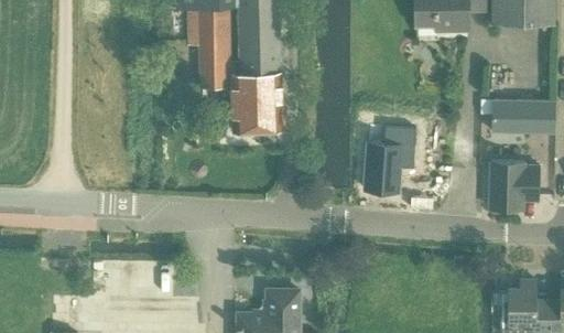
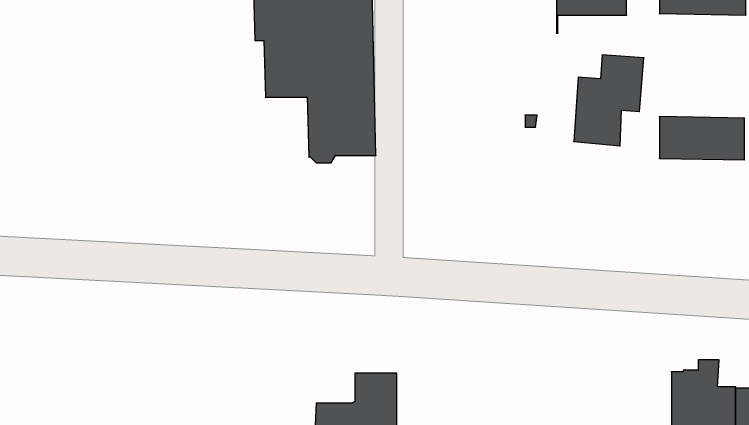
building: [364,126,415,193] -> [574,55,644,146]
building: [489,161,539,210] -> none

